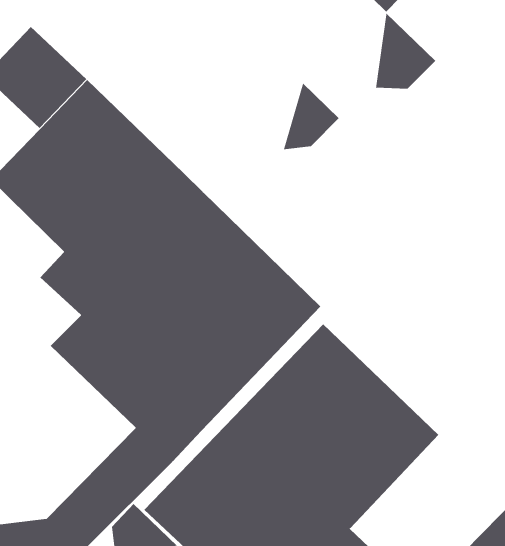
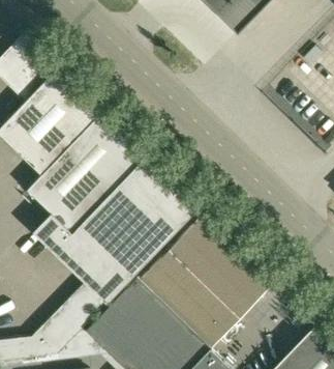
building: [375,12,436,89] -> none
building: [283,83,340,150] -> none

